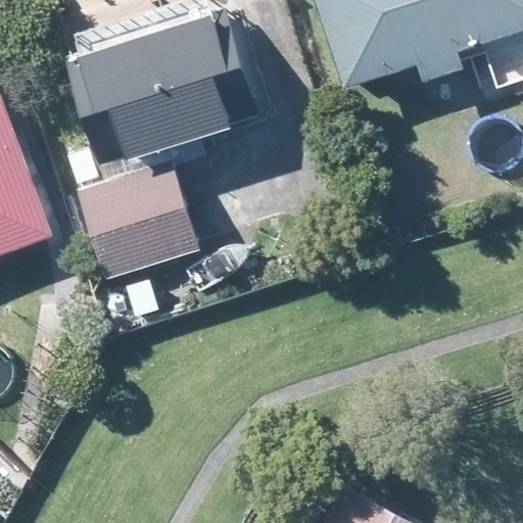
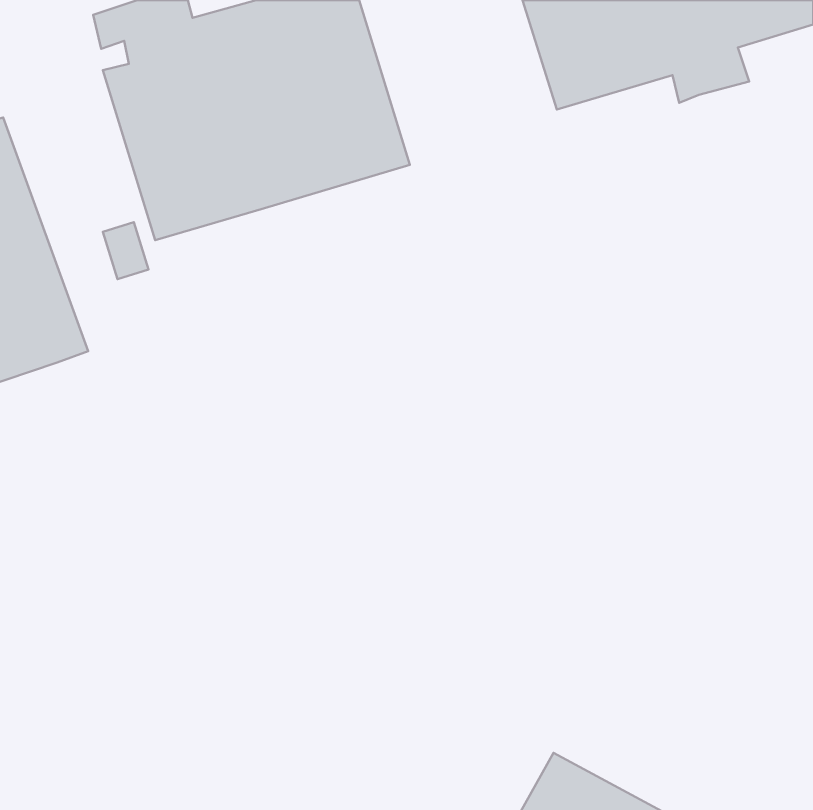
building: [77,167,197,282] -> none

